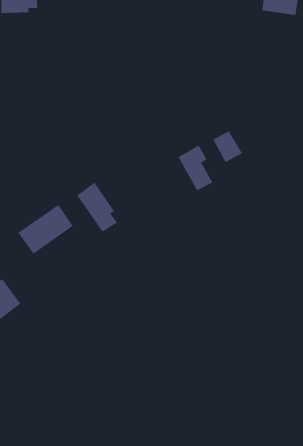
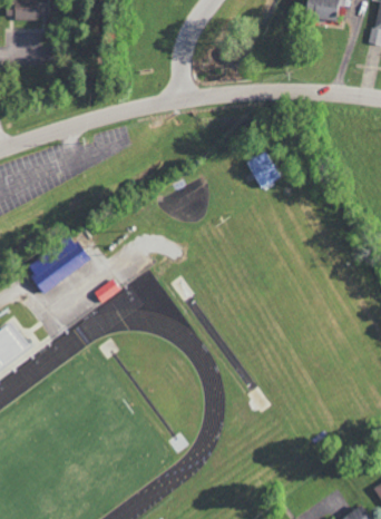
building: [178,145,213,191] -> none
building: [77,182,118,233] -> none

